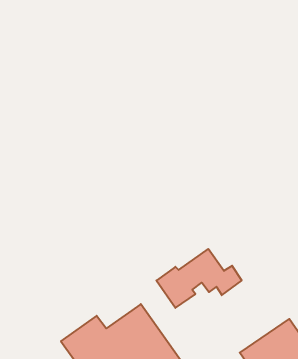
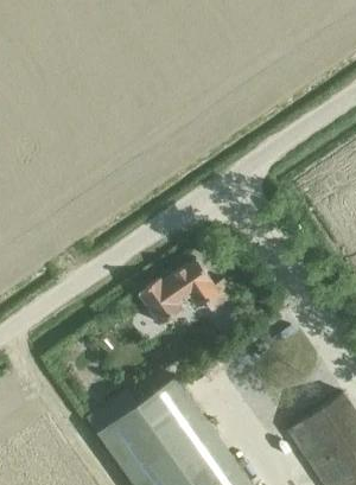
building: [156,249,242,308] -> [138,260,234,326]

